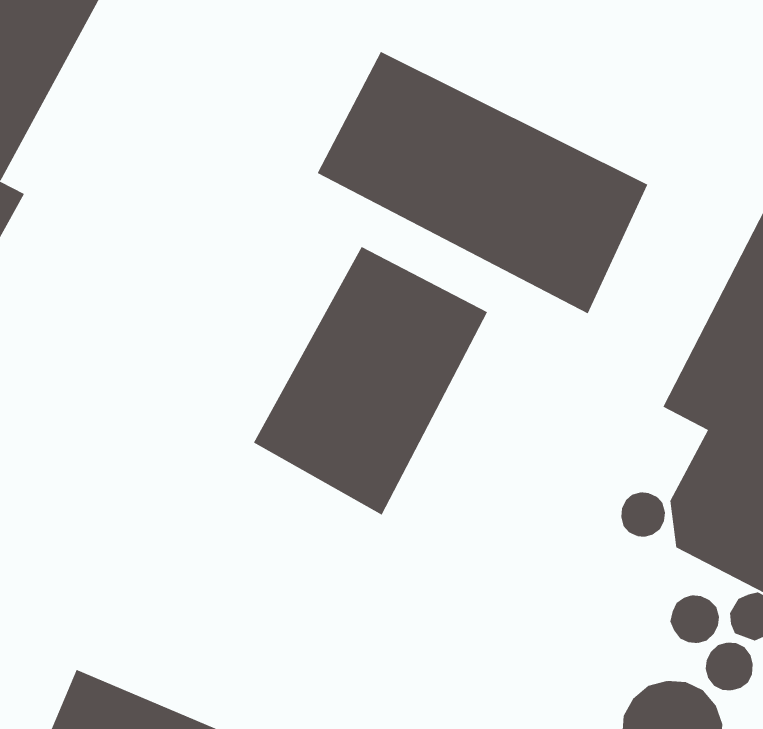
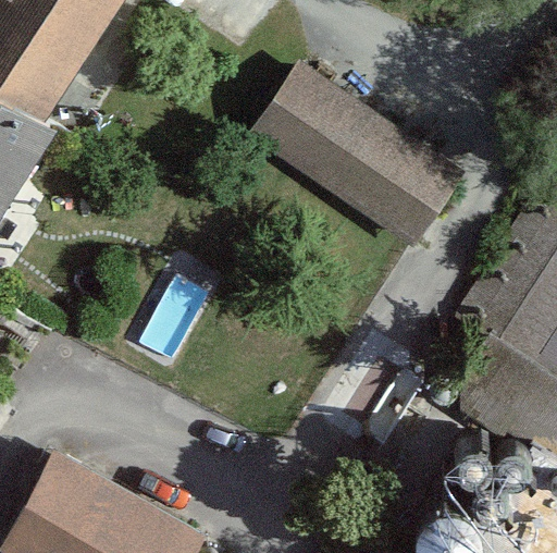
building: [253,246,488,516] -> none

